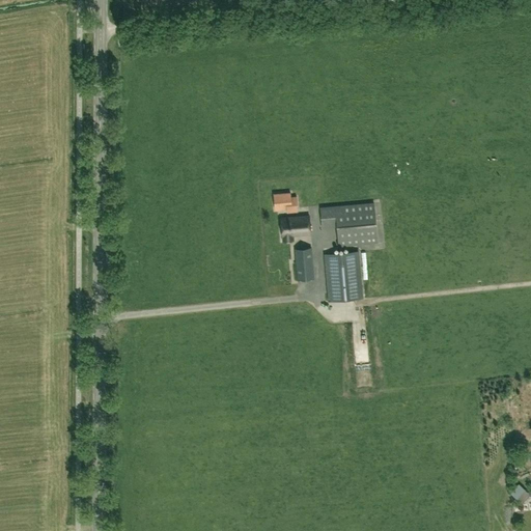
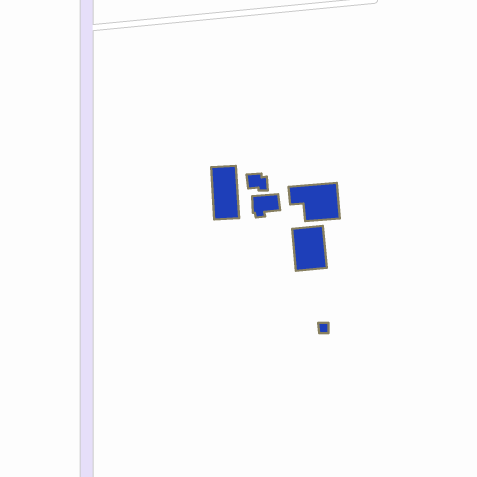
building: none -> [211,166,239,220]
building: [295,248,314,280] -> none

